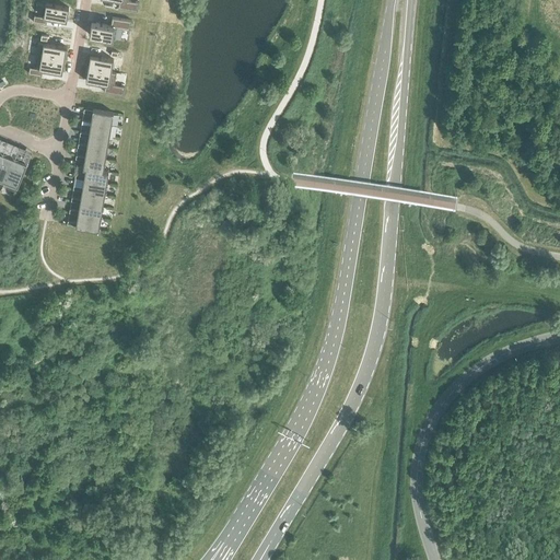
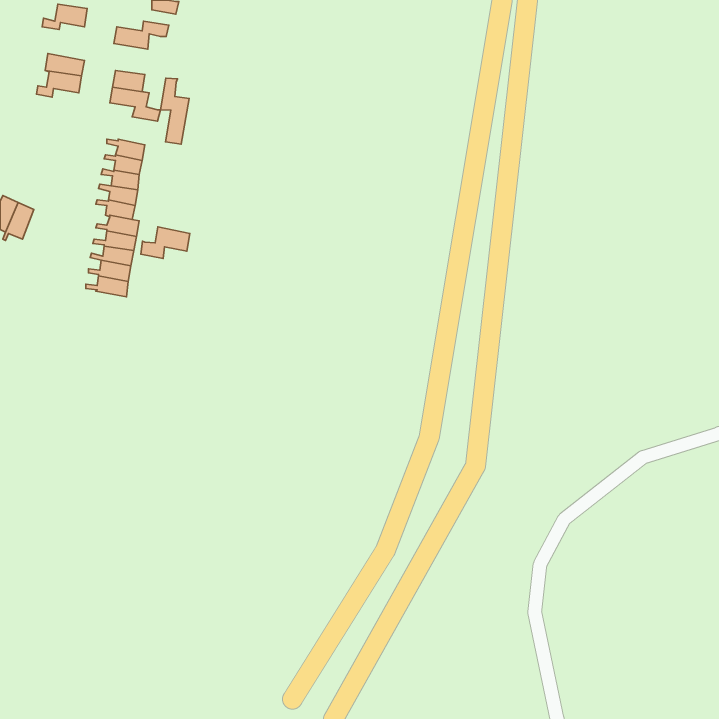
building: none -> [160,78,189,144]
building: none -> [141,227,190,259]

